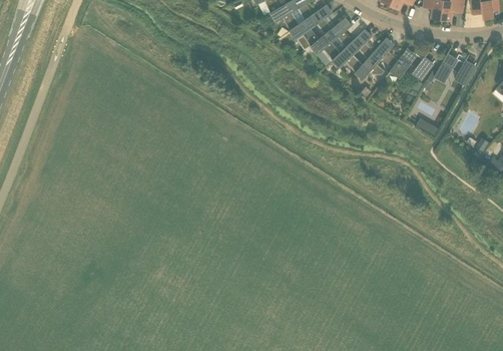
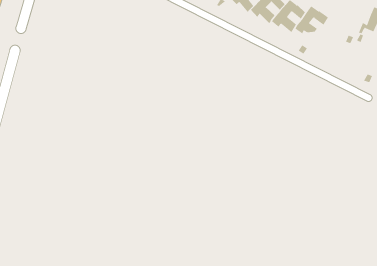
building: [386,47,434,79] -> none

